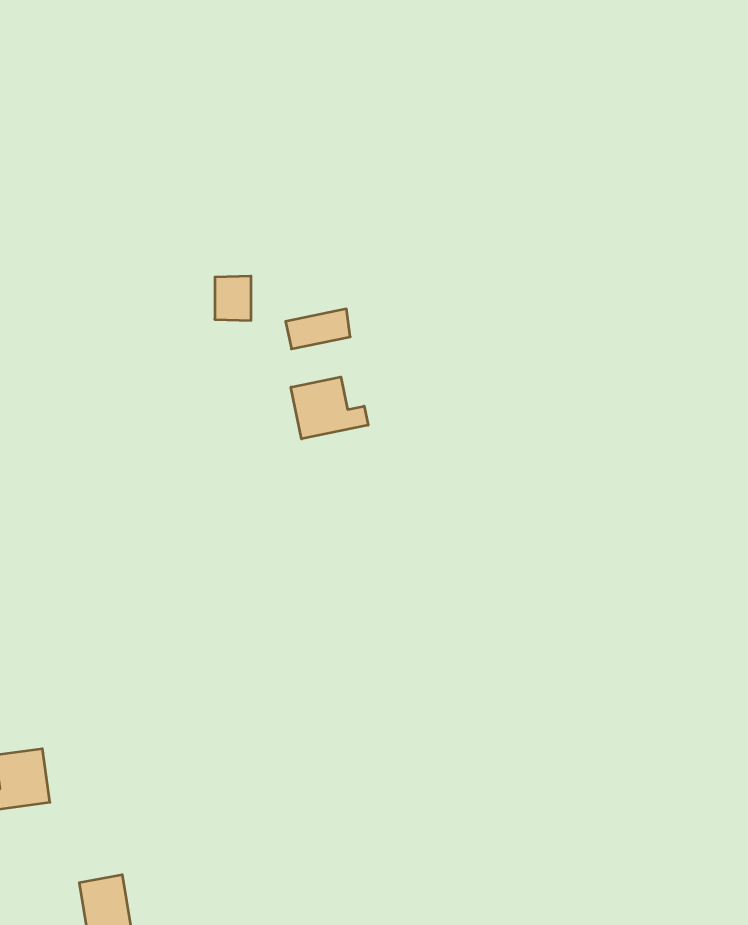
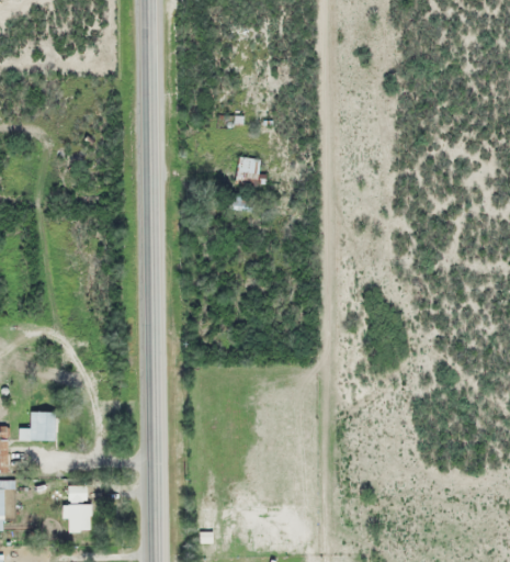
building: [215,276,251,320] -> [237,157,260,183]
building: [291,377,368,439] -> none

